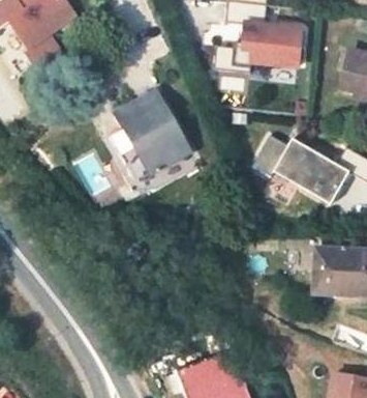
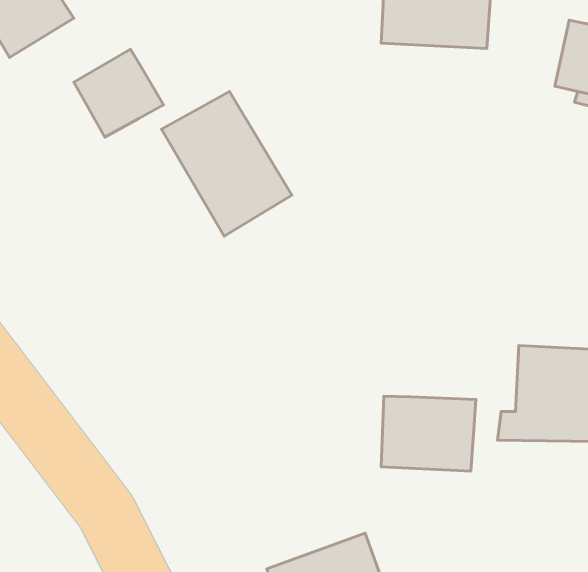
building: none -> [74,49,163,137]
building: [254,131,350,201] -> none
building: none -> [381,396,476,471]

